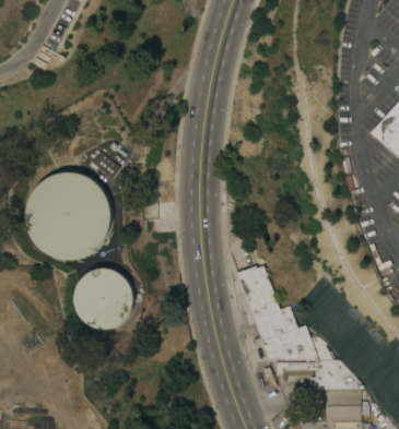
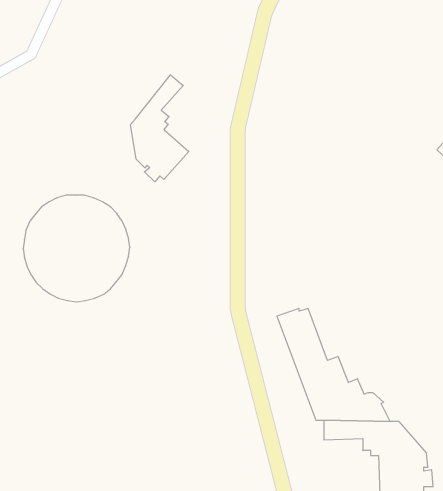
building: none -> [131,75,189,182]
building: [73,267,136,331] -> none

